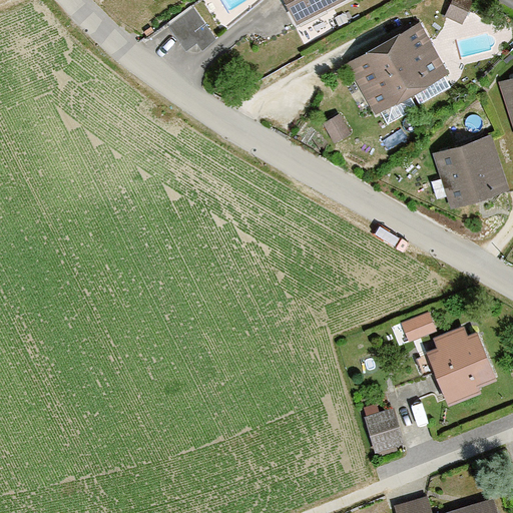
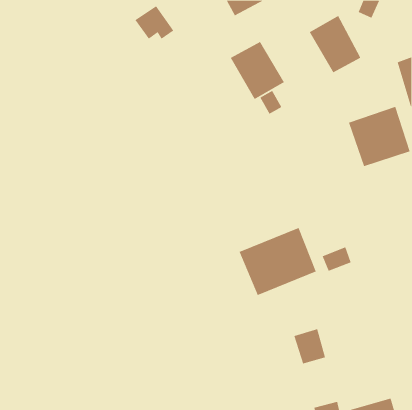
building: [346,42,414,115] -> [230,41,285,100]
building: none -> [239,227,316,296]
building: [427,329,496,410] -> none

